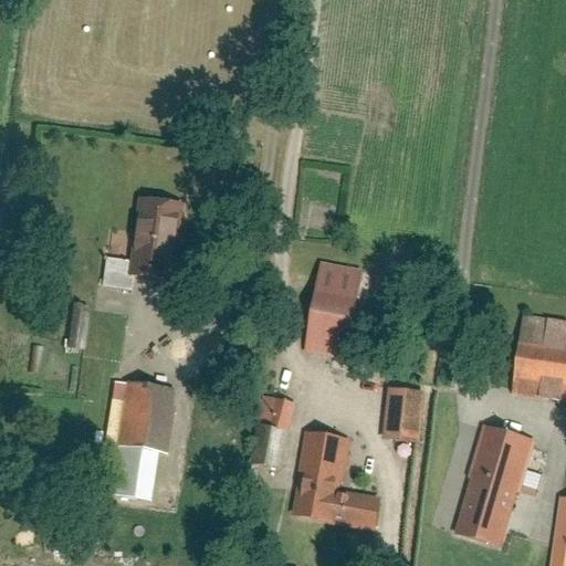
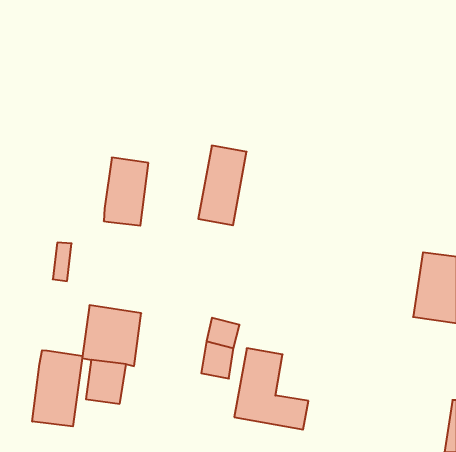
building: [103,254,135,289] -> none
building: [304,259,364,357] -> [198,146,247,225]
building: [382,386,426,441] -> none
building: [454,422,544,547] -> none
building: none -> [32,350,83,426]

